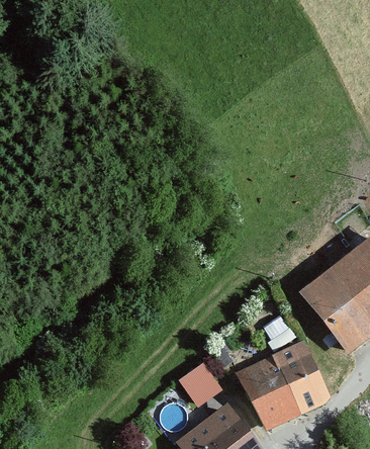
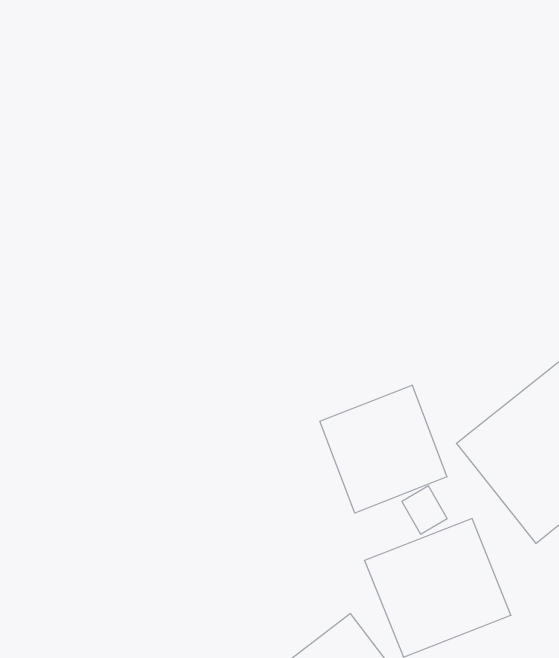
building: none -> [320,385,447,513]
building: [175,363,220,410] -> none

